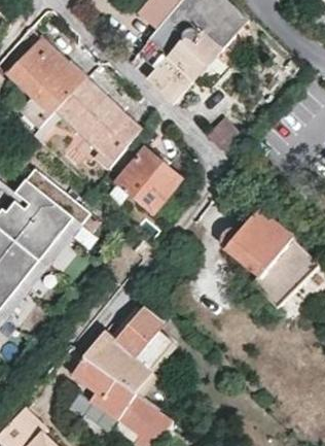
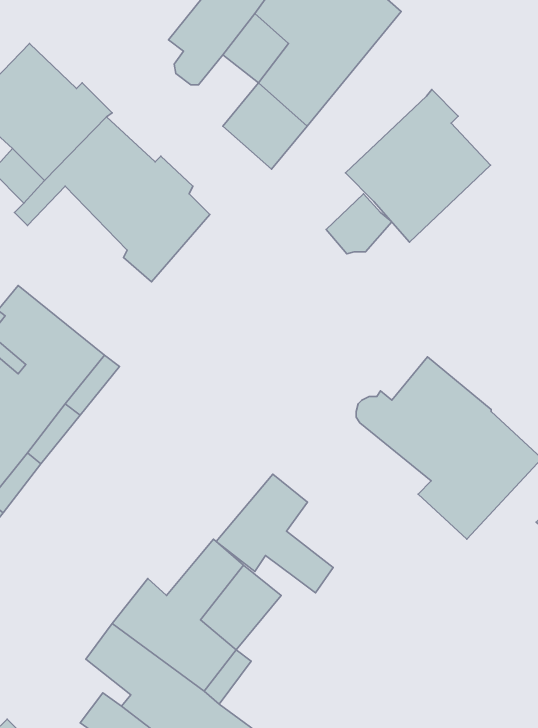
building: none -> [346,89,490,242]
building: [113,146,180,214] -> none
building: none -> [216,474,333,593]

